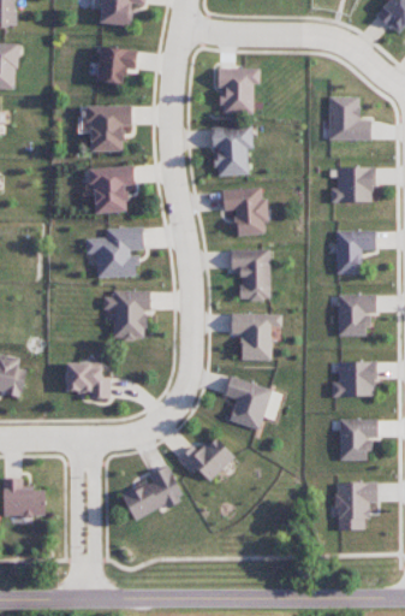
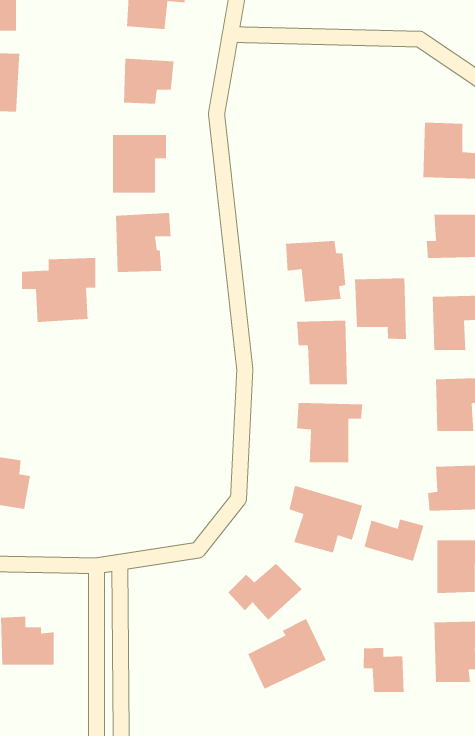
building: [216,67,258,114] -> none
building: [212,125,251,176] -> none
building: none -> [354,278,407,340]
building: [84,227,142,278] -> [21,257,96,323]
building: [102,290,149,339] -> none
building: [64,362,109,398] -> none
building: none -> [364,518,425,562]
building: [120,466,181,521] -> [247,618,327,690]
building: none -> [363,647,404,693]

